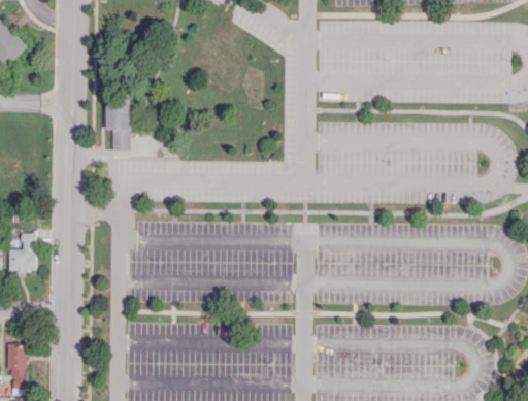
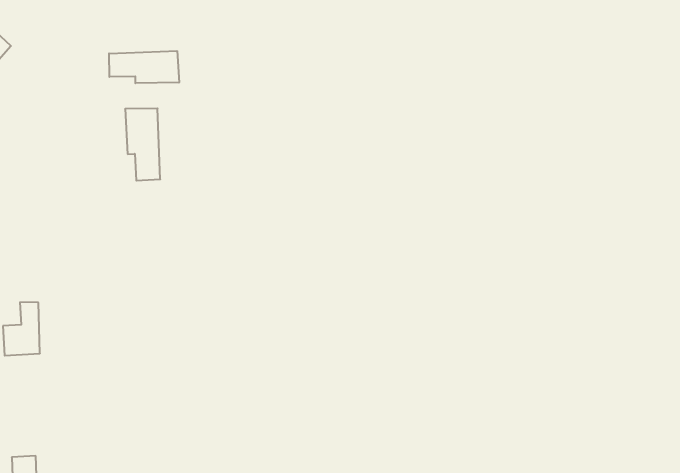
building: none -> [109,51,179,83]

